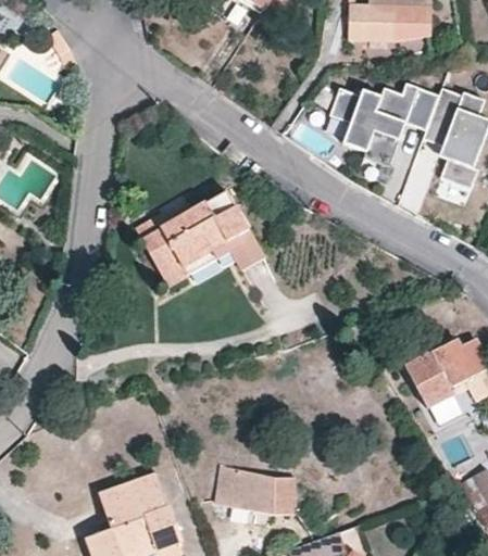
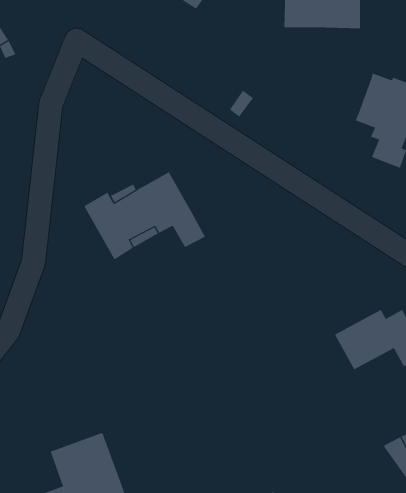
building: [330,84,440,167] -> none
building: [213,465,295,516] -> none

